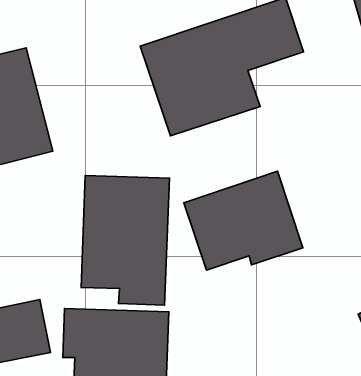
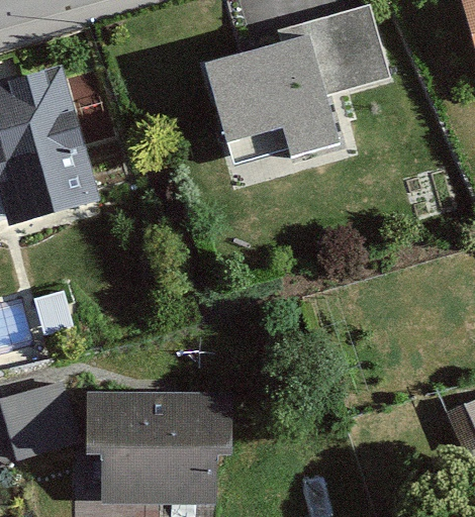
building: [184,171,303,270] -> none
building: [81,175,169,305] -> none

